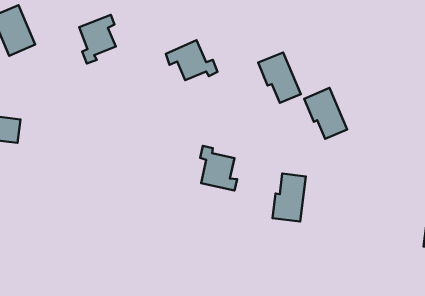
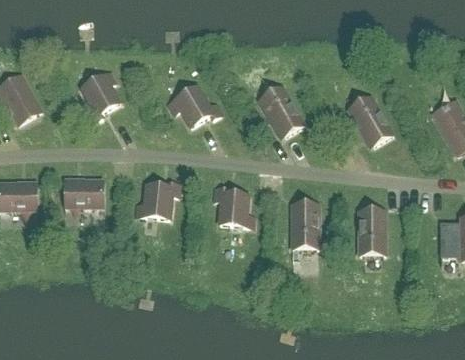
building: [304,88,347,139] -> [347,95,392,145]
building: none -> [63,179,103,206]
building: none -> [135,181,178,217]
building: none -> [358,210,385,254]

